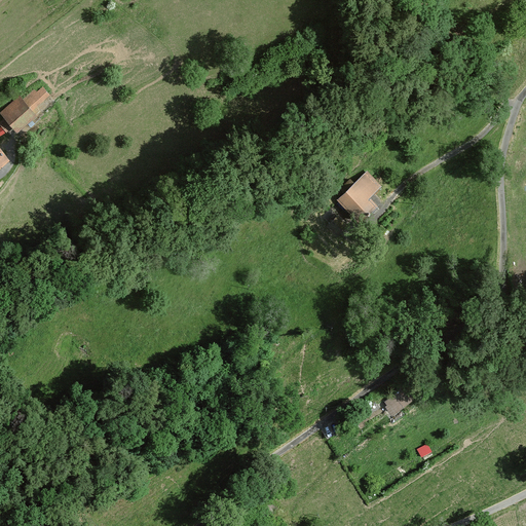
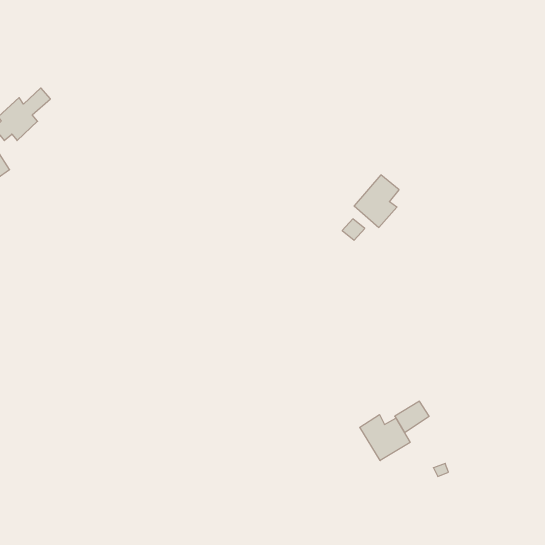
building: none -> [360,415,410,461]

